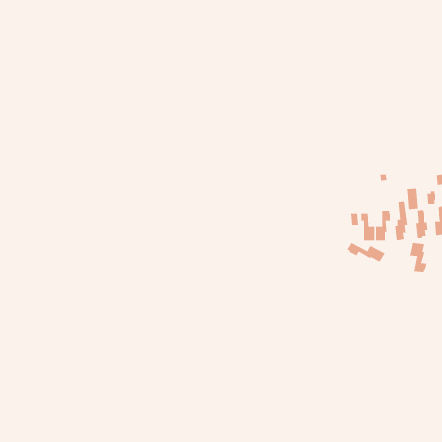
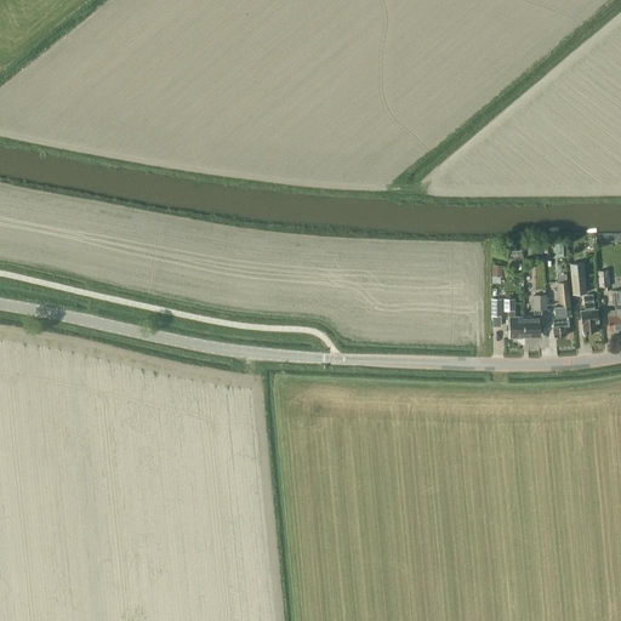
building: [409,242,427,273] -> none
building: [346,242,385,262] -> none

